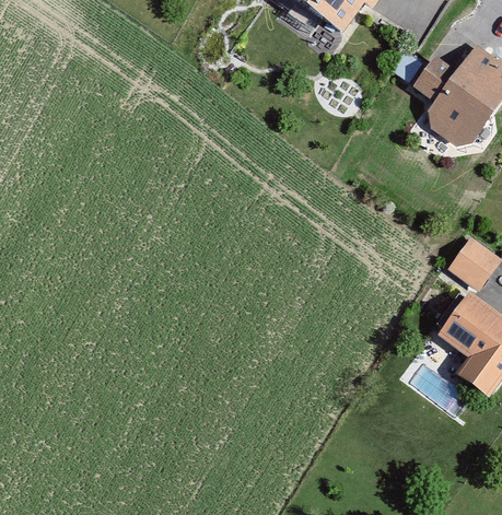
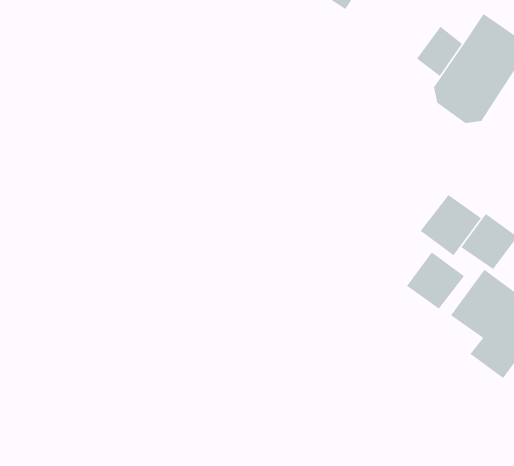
building: none -> [420,194,482,256]
building: none -> [406,251,465,310]

